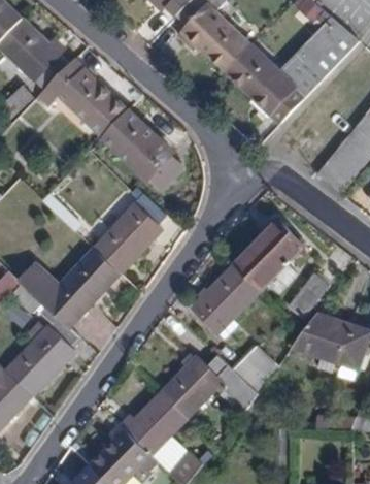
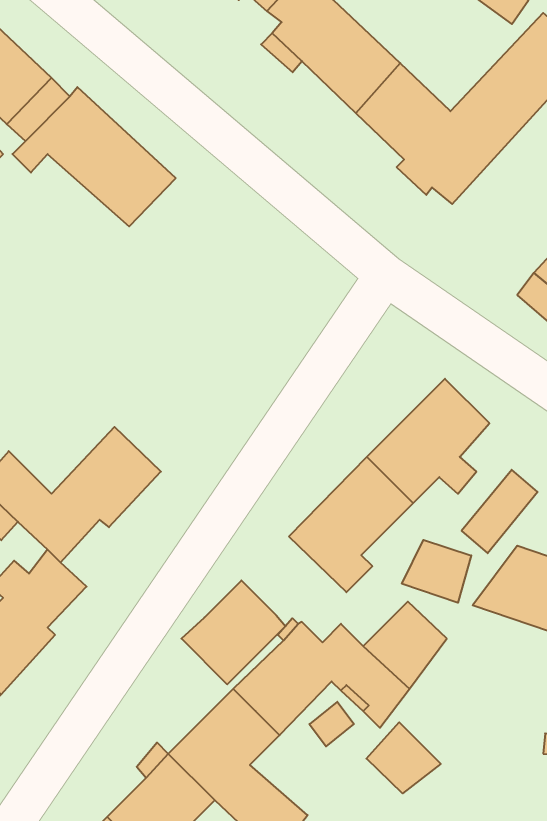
building: [102,109,180,189] -> none
building: [94,194,165,272] -> none
building: none -> [402,540,471,603]
building: none -> [181,580,286,684]
building: none -> [366,722,441,793]

